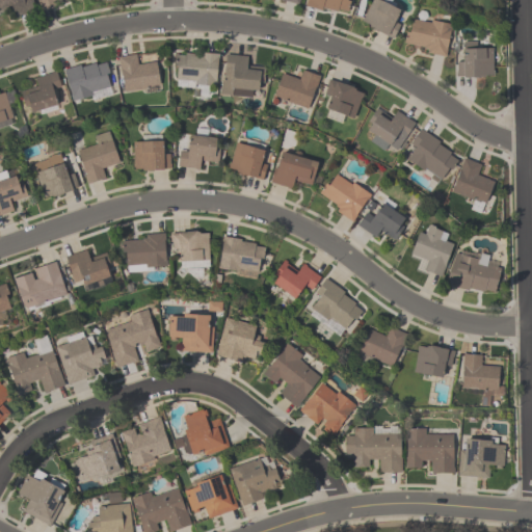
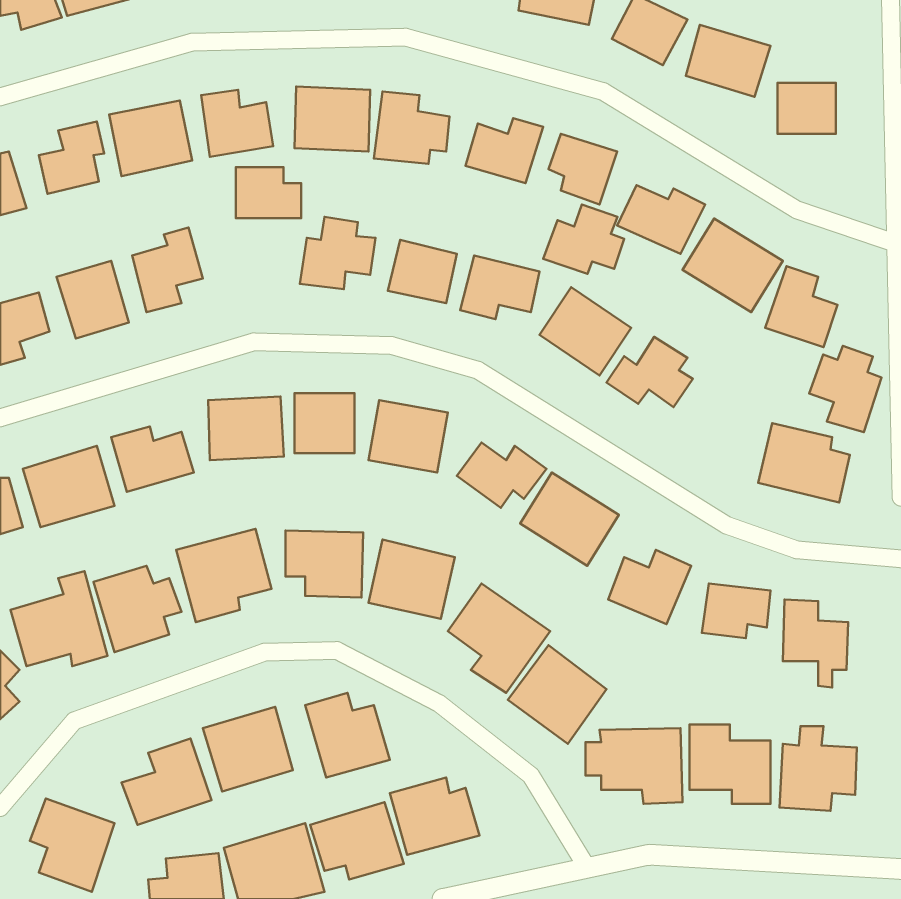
building: none -> [543,205,624,274]
building: [133,140,171,170] -> [236,167,301,218]
building: [410,225,453,276] -> [809,346,882,432]

